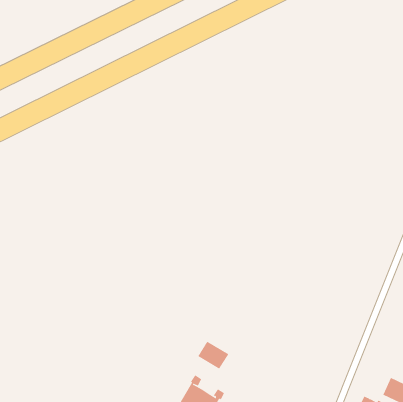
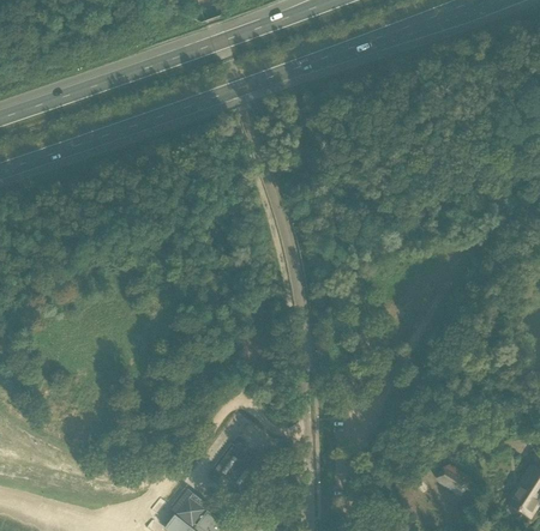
building: [197,341,229,369] -> none

